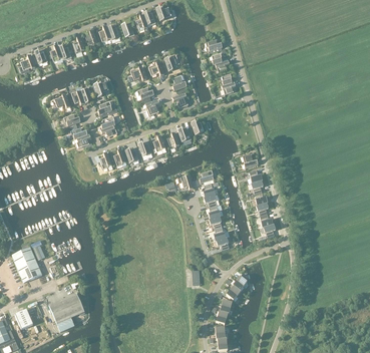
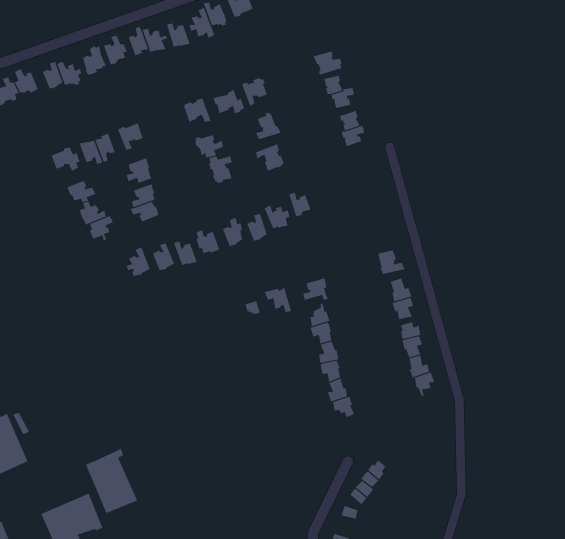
building: none -> [85,448,138,514]

